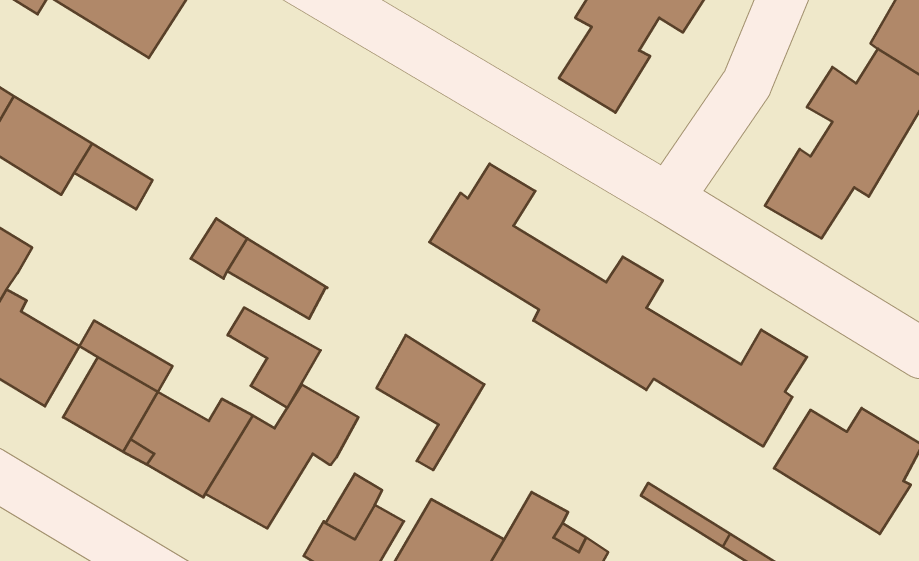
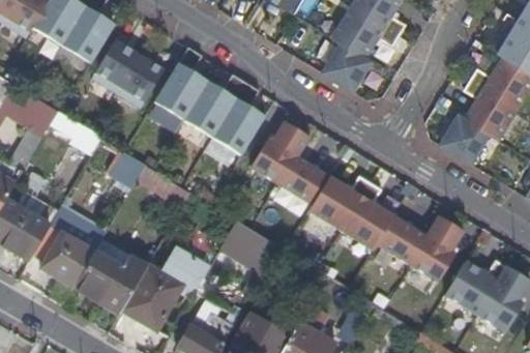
building: none -> [92,38,164,107]
building: none -> [154,48,265,154]
building: [228,308,321,408] -> none

